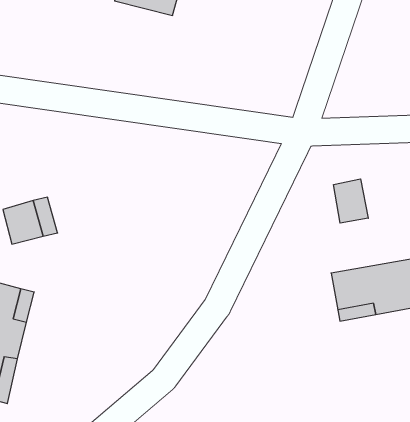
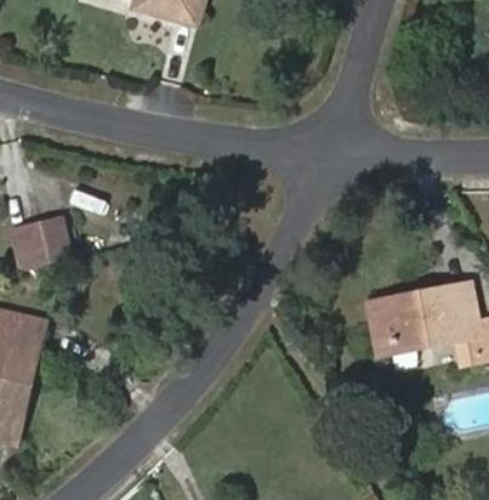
building: [334,179,368,223] -> none

